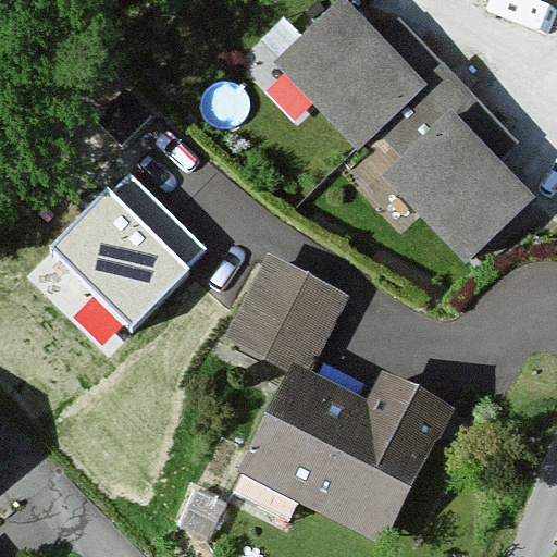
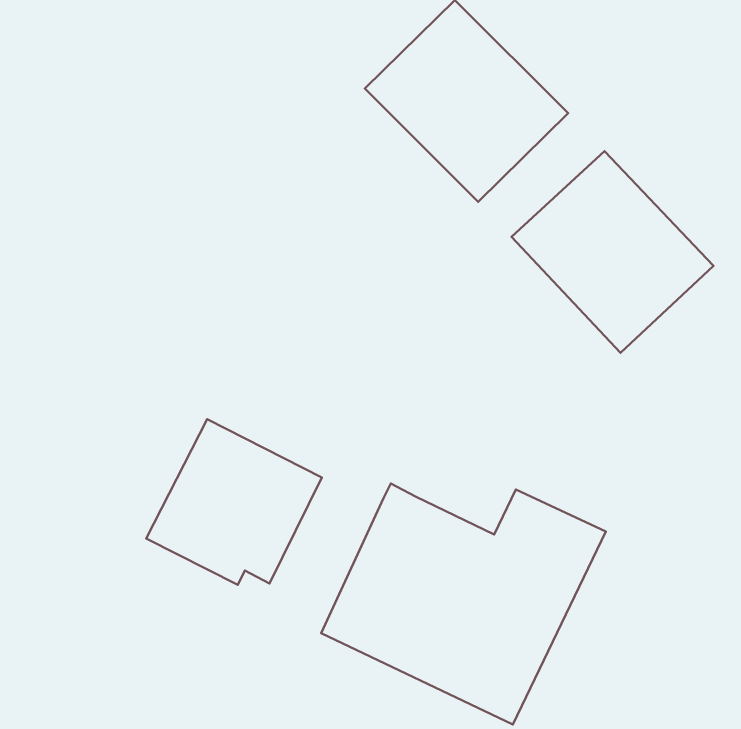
building: [58,169,202,313] -> none
building: [219,249,350,373] -> [146,419,322,585]

